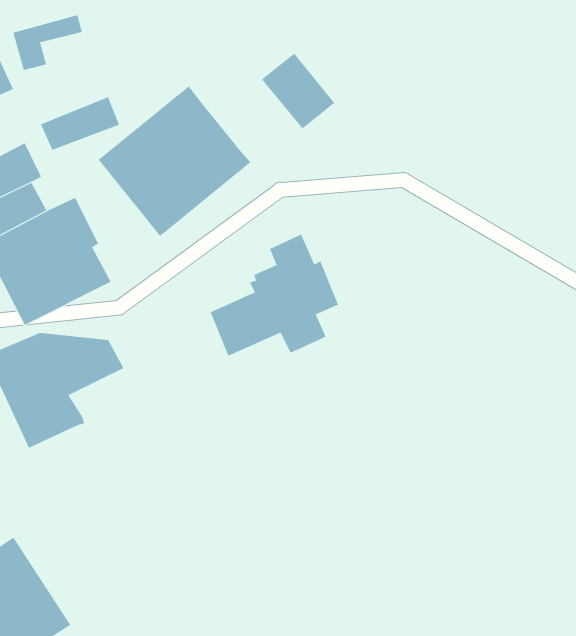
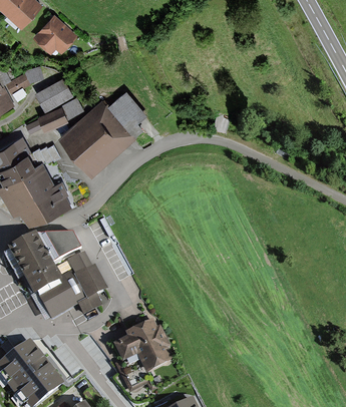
building: none -> [34,76,74,112]
building: [261,53,335,129] -> [109,91,148,130]
building: [210,234,339,356] -> [40,251,106,317]
building: none -> [111,318,171,372]

